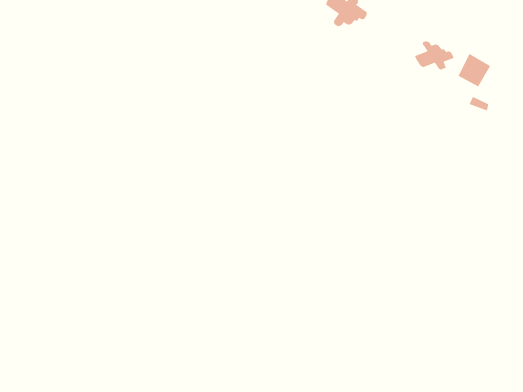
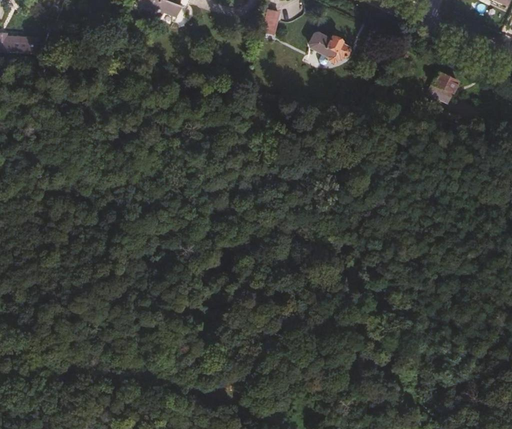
building: [415,40,454,71] -> none

